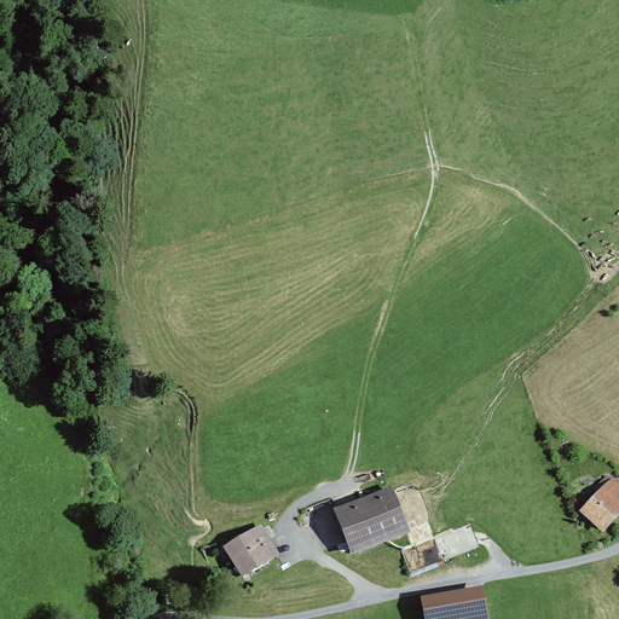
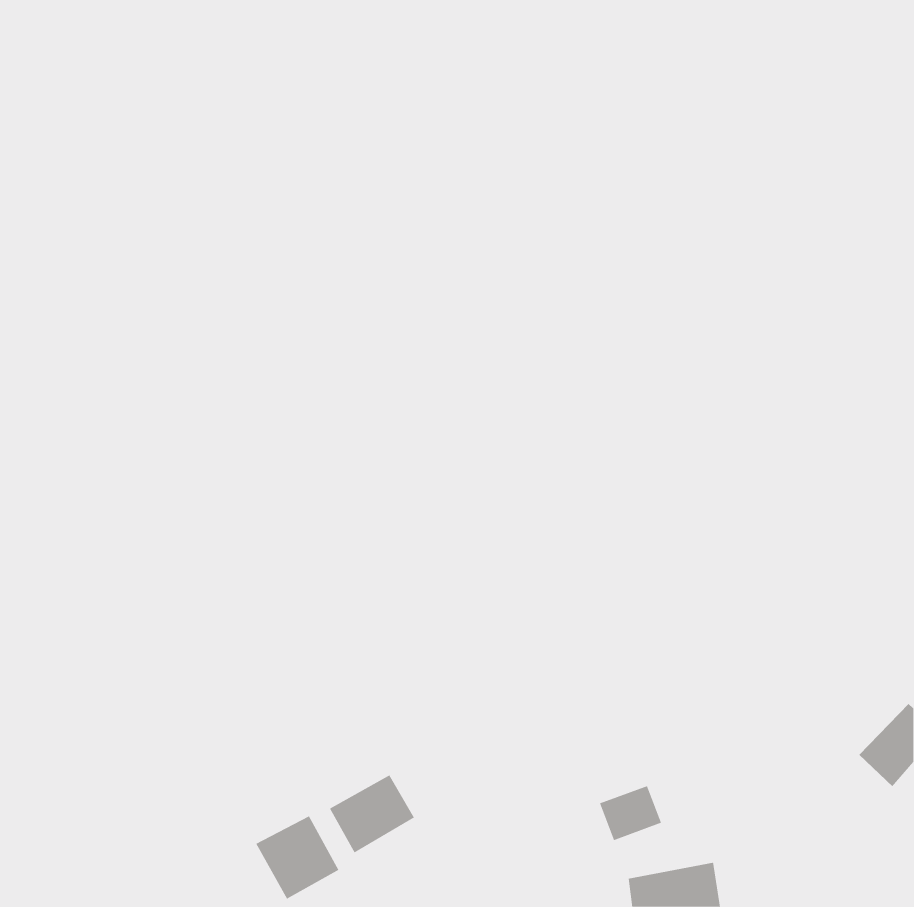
building: [334,487,407,553] -> none
building: none -> [255,815,339,900]

